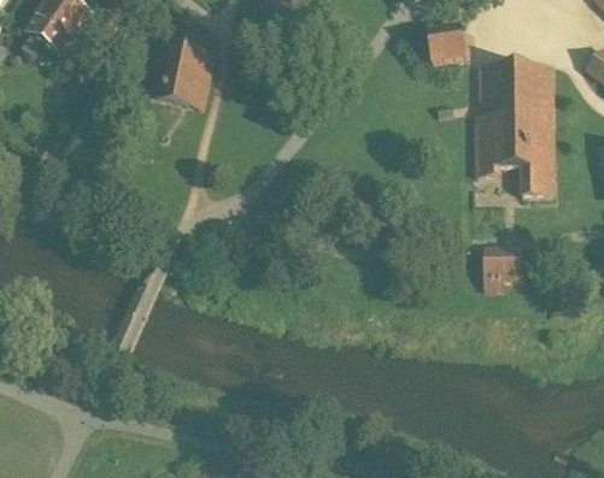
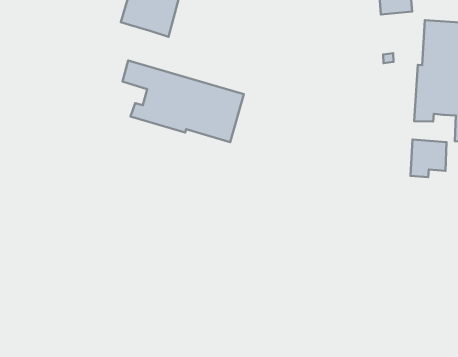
building: none -> [122,60,244,142]
building: [483,247,522,287] -> [411,139,447,177]

